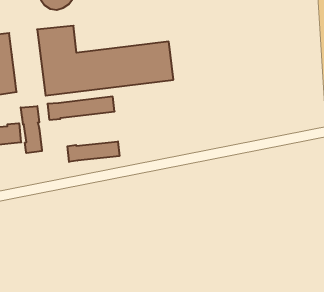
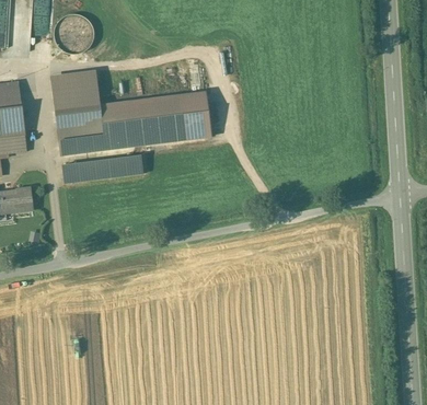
building: [21,106,42,153] -> none
building: [67,141,119,162] -> none

